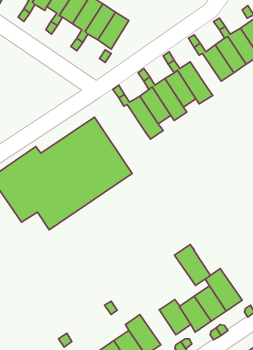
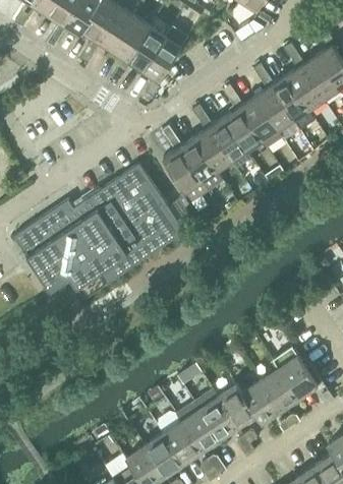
building: none -> [254,86,292,130]
building: none -> [162,148,207,200]
building: [174,244,210,286] -> [193,389,237,439]

